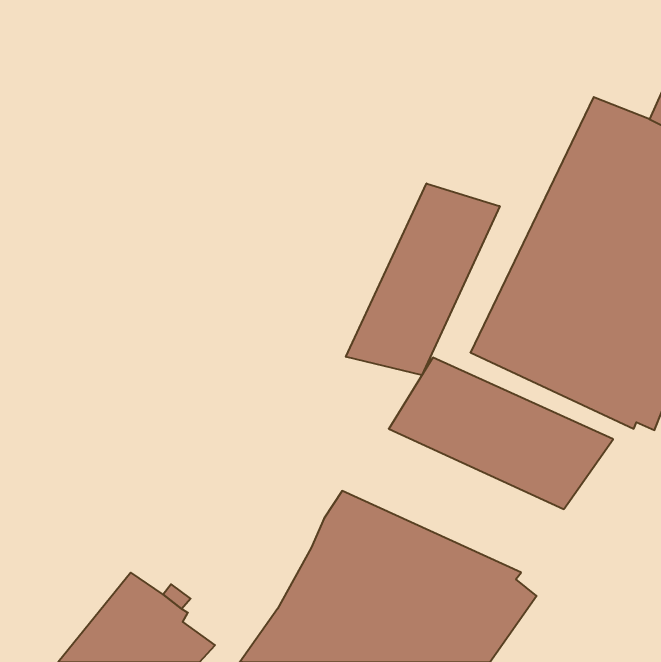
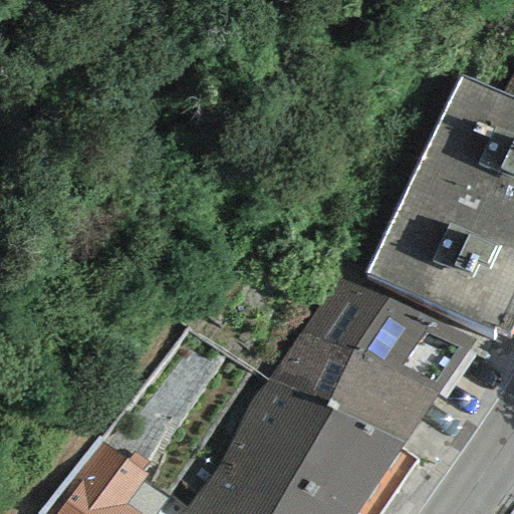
building: [346,183,500,375] -> none
building: none -> [266,332,438,444]

